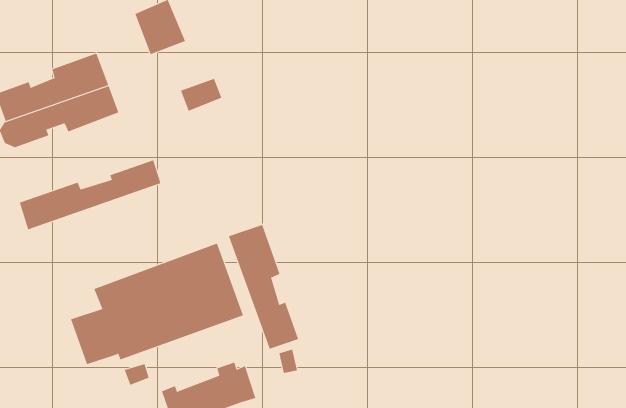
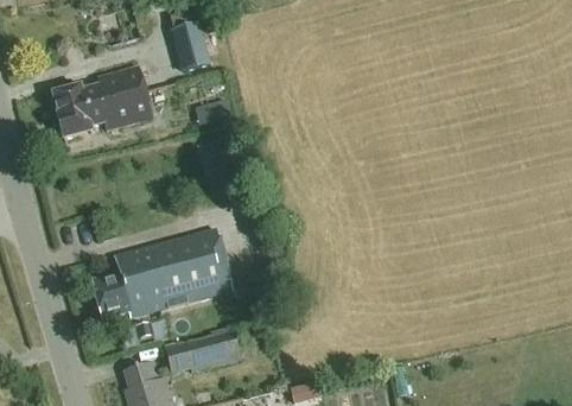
building: [19,160,163,230] -> none
building: [228,224,299,351] -> none

